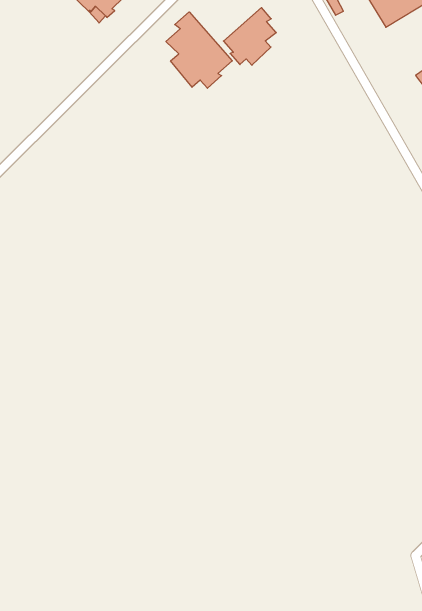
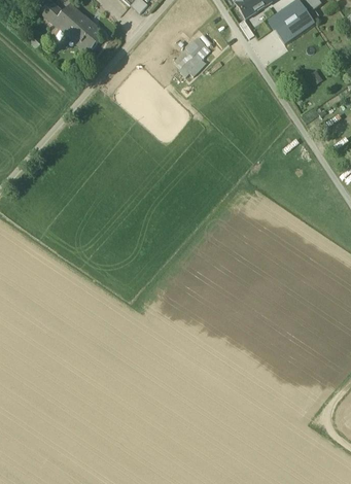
building: [166,12,232,88] -> none

